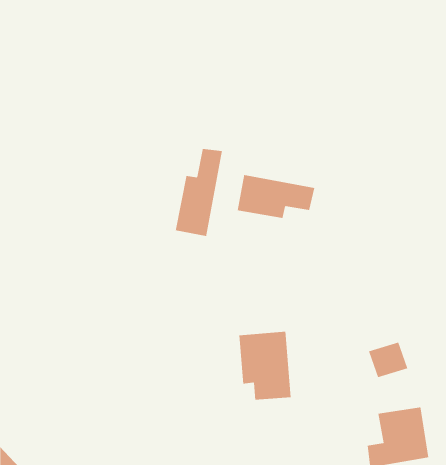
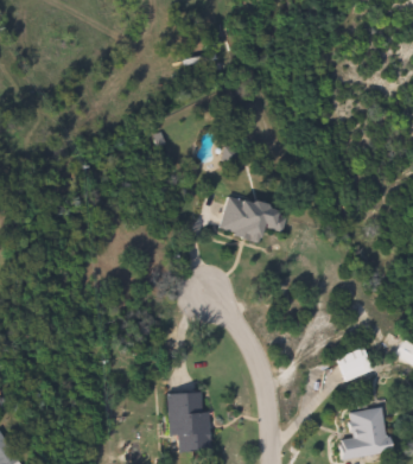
building: [175,148,222,237] -> none
building: [238,331,292,400] -> [166,389,214,451]

